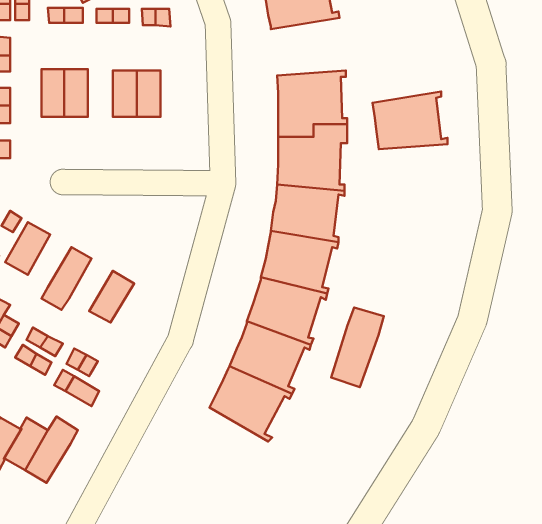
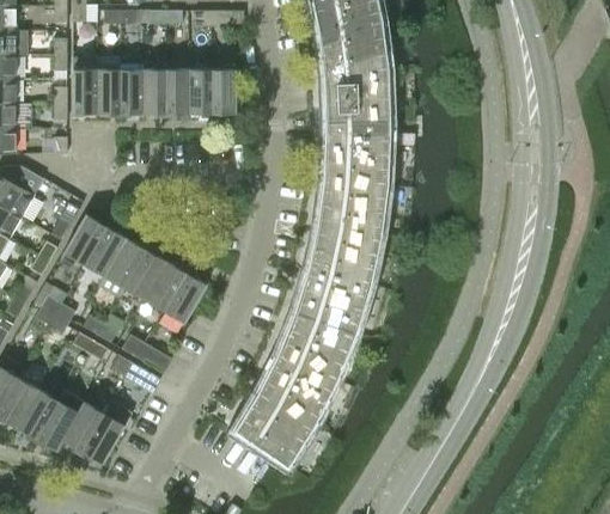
building: none -> [73,69,98,115]
building: none -> [142,69,166,115]
building: none -> [212,71,236,115]
building: [372,91,448,149] -> [317,20,389,75]
building: none -> [85,227,127,277]
building: none -> [124,250,166,300]
building: none -> [164,274,207,324]
building: [331,308,384,387] -> none
building: none -> [233,392,315,469]

